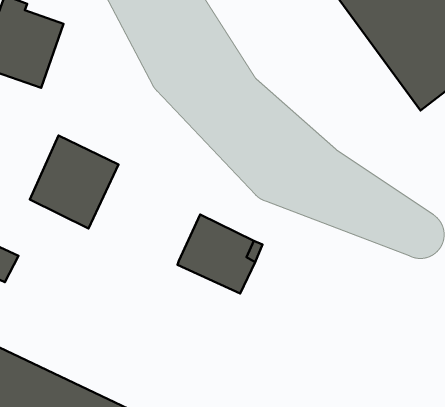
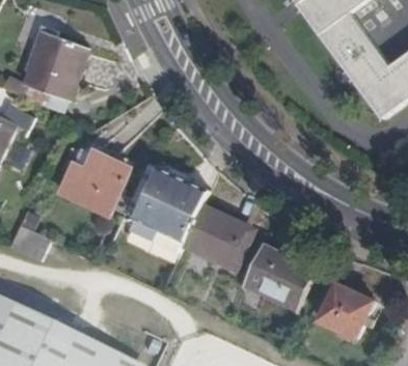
building: none -> [136,169,210,245]
building: none -> [242,241,321,316]
building: none -> [323,286,376,338]

